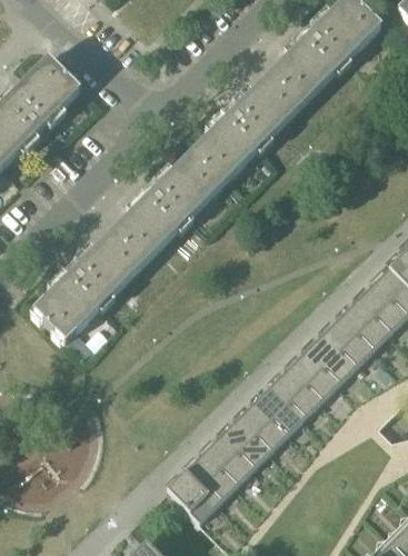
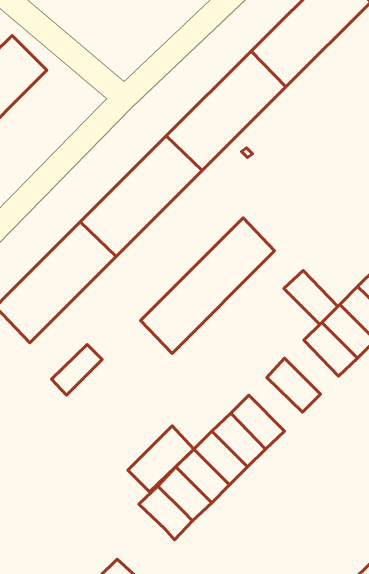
building: none -> [140,218,275,353]
building: [302,336,352,386] -> [284,271,338,324]
building: none -> [52,345,102,395]
building: [269,370,319,420] -> none
building: none -> [128,426,194,492]

